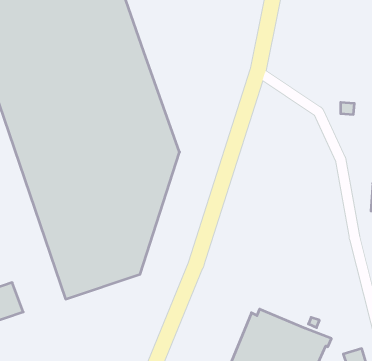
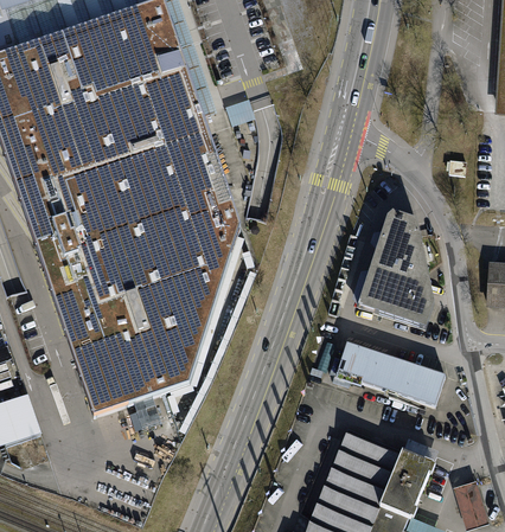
building: none -> [359,210,435,328]
building: none -> [337,338,448,408]

